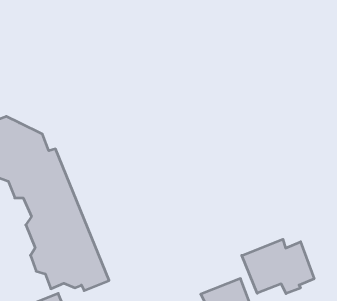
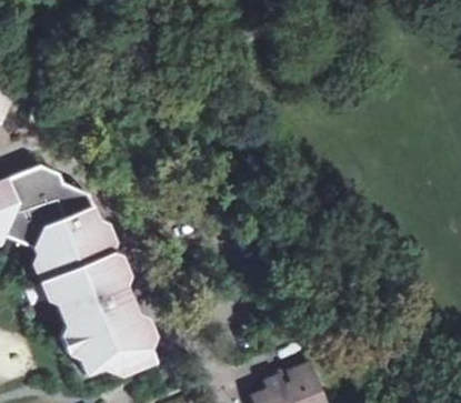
building: [242,239,314,294] -> none

